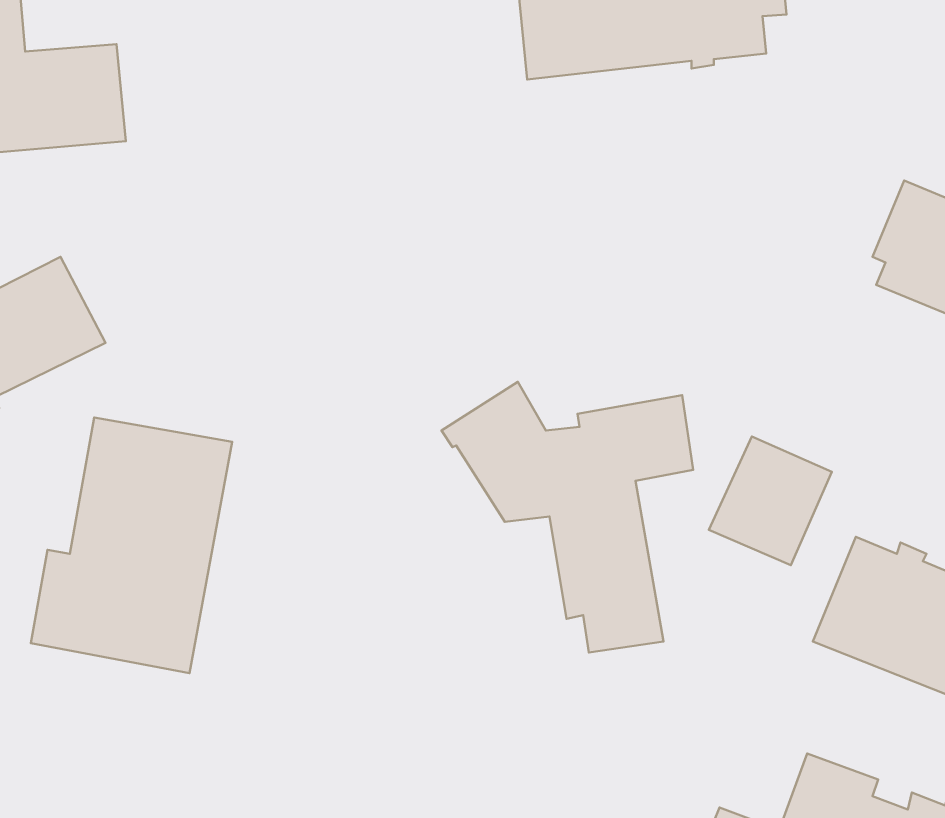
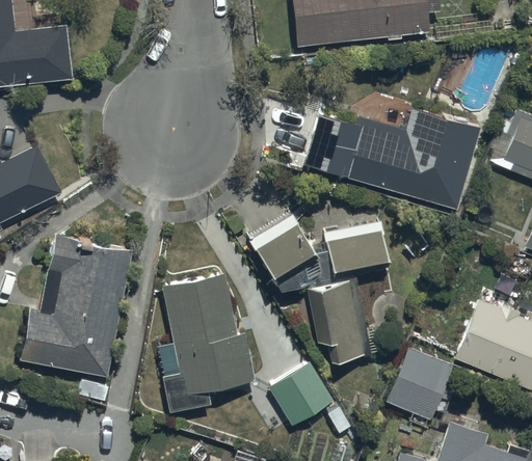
building: none -> [303,109,481,210]
building: [709,436,832,565] -> [385,348,454,419]
building: none -> [155,274,254,413]
building: none -> [269,360,336,425]

